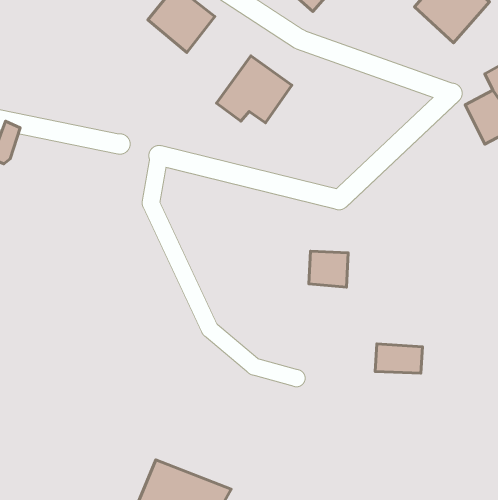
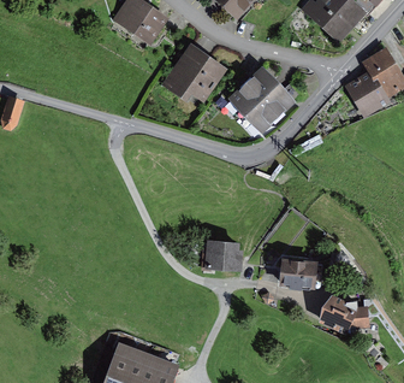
building: none -> [232,69,292,129]
building: [309,251,348,287] -> [208,240,237,266]
building: none -> [322,294,362,330]

